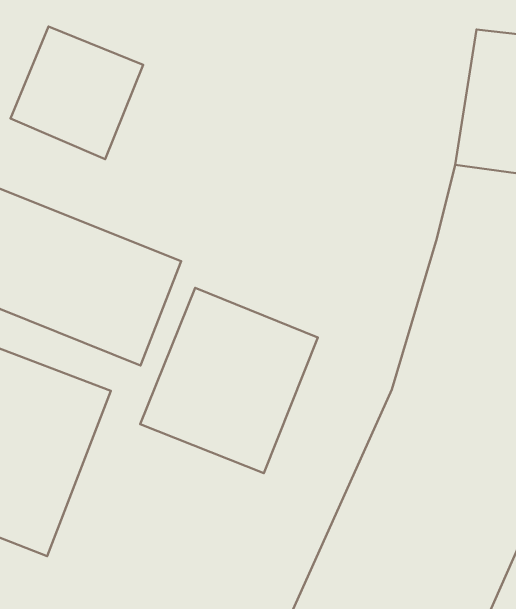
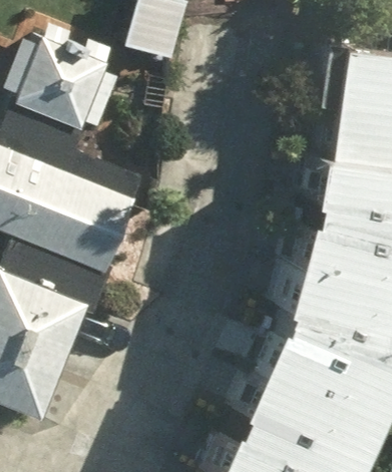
building: [140,288,318,473] -> none

